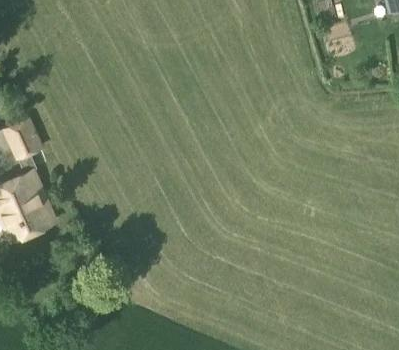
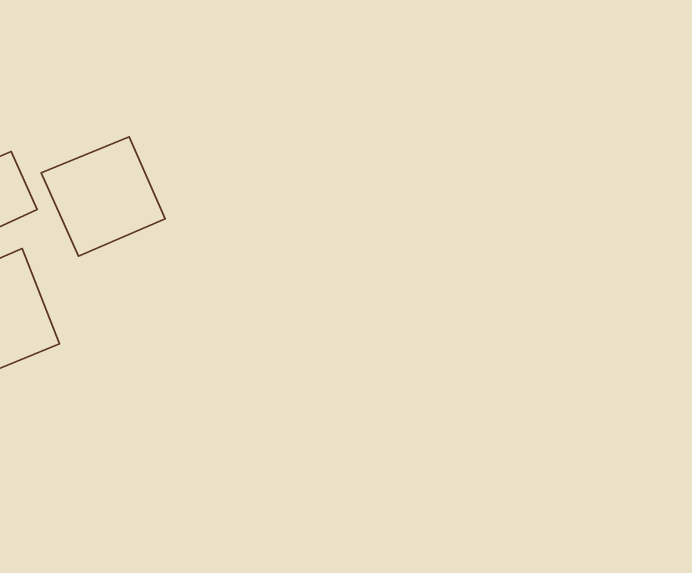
building: none -> [41,137,165,256]

